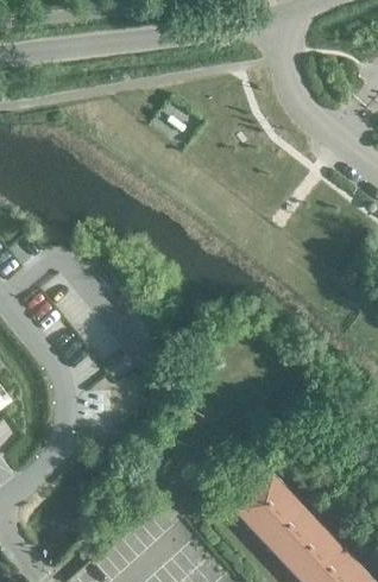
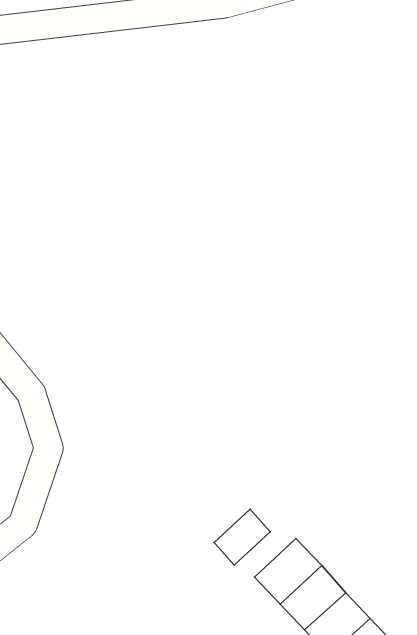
building: none -> [214,509,270,565]

